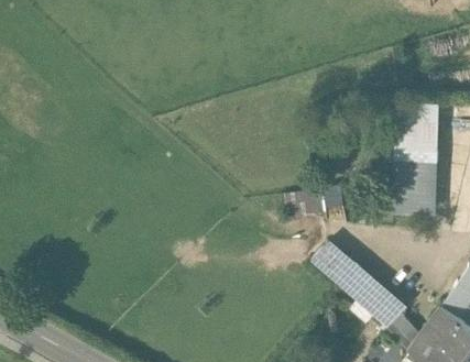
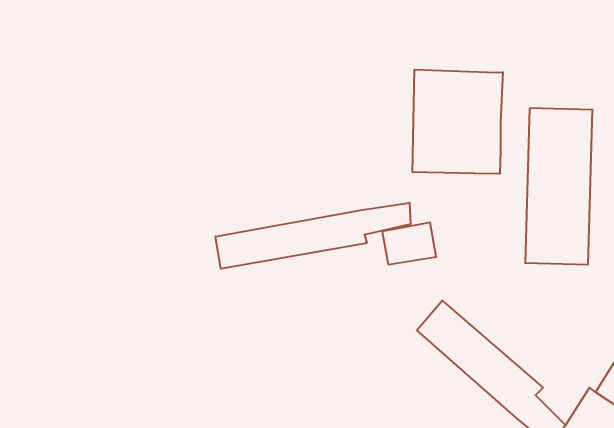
building: none -> [413,70,503,174]
building: none -> [215,203,411,269]

